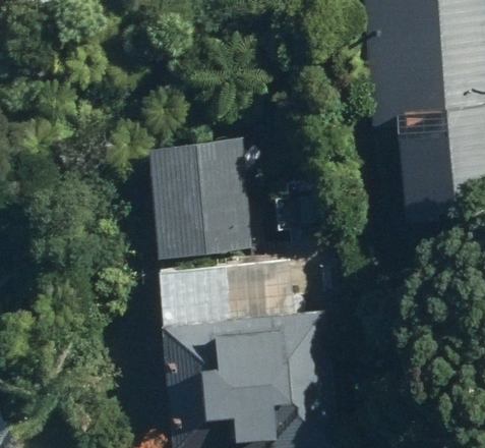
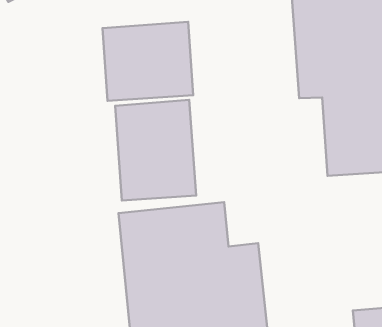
building: none -> [102,22,193,101]

